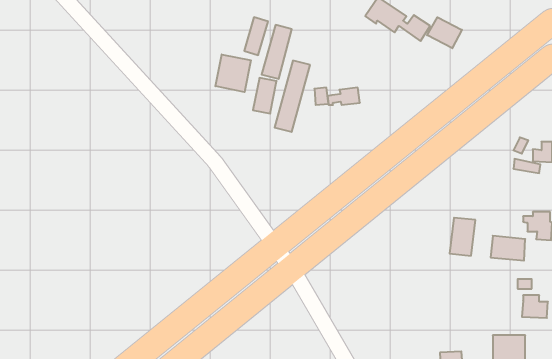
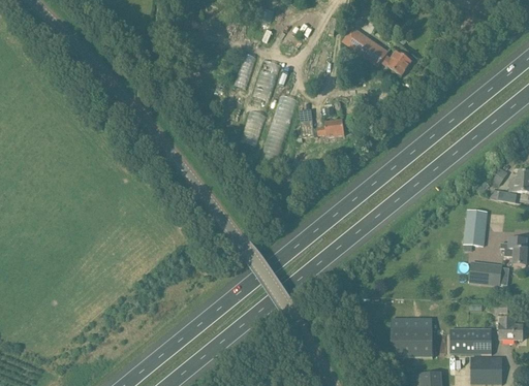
building: [427,17,462,48] -> none
building: [215,54,251,92] -> none
building: [450,218,475,256] -> [463,208,488,245]
building: none -> [392,326,433,356]
building: none -> [450,328,492,353]

